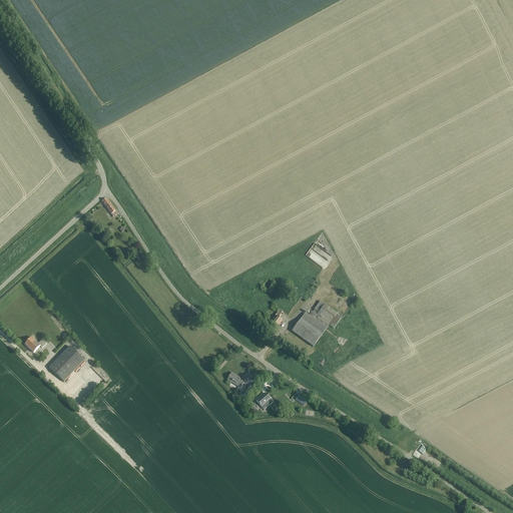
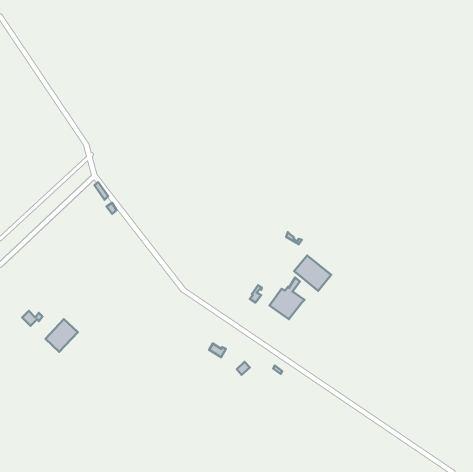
building: none -> [294,256,331,291]

